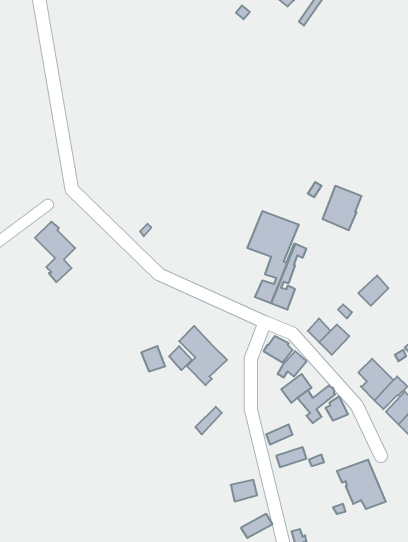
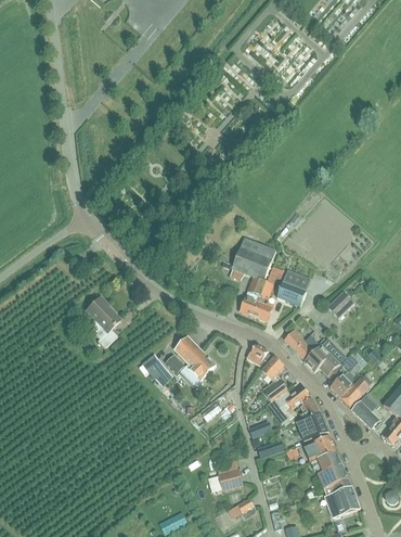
building: [322,186,362,230] -> [277,269,311,307]
building: [35,222,75,282] -> [86,296,120,348]
building: none -> [305,345,340,376]
building: none -> [296,412,328,440]
building: none -> [303,436,337,461]
building: none -> [325,487,360,517]

